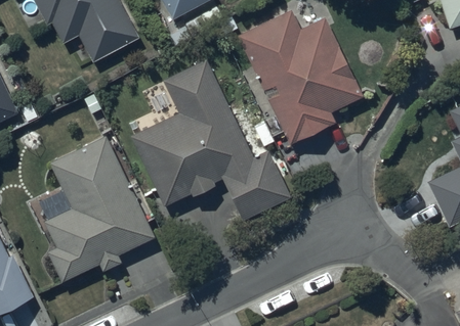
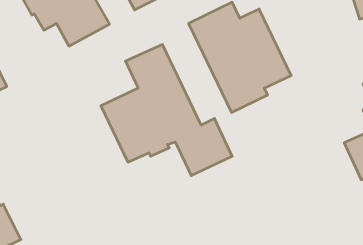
building: [44,138,156,281] -> none

